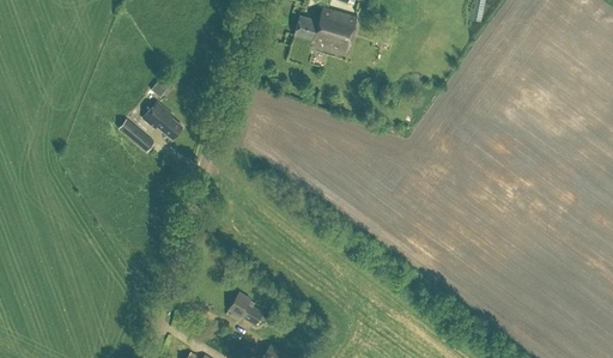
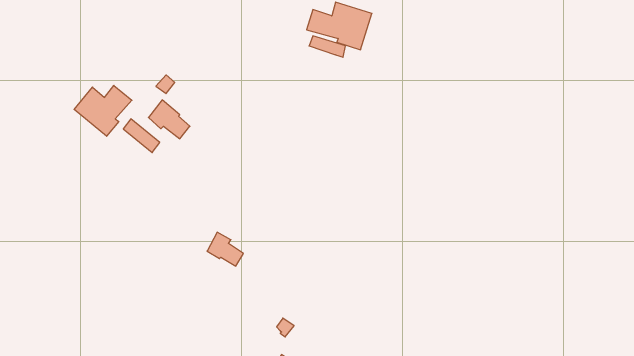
building: none -> [74,85,132,136]
building: [229,290,263,322] -> [207,232,243,266]

